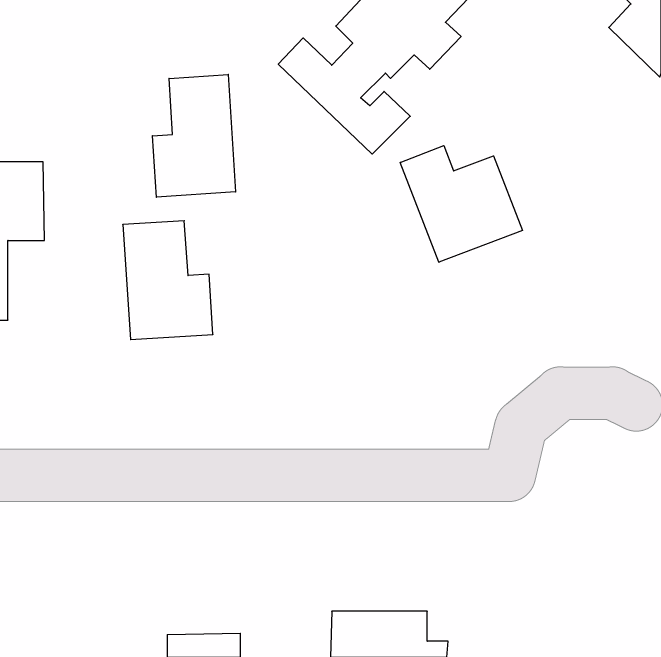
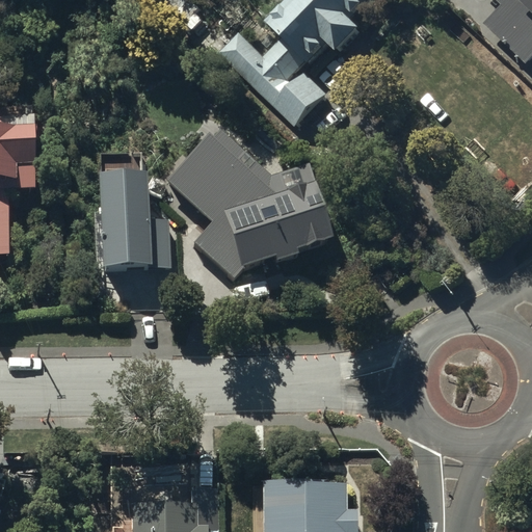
building: [152,74,236,197] -> none
building: [400,146,523,262] -> none
building: none -> [167,127,329,277]

